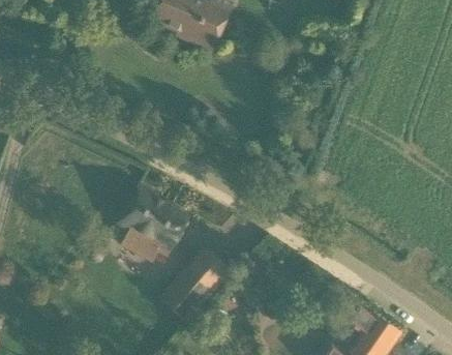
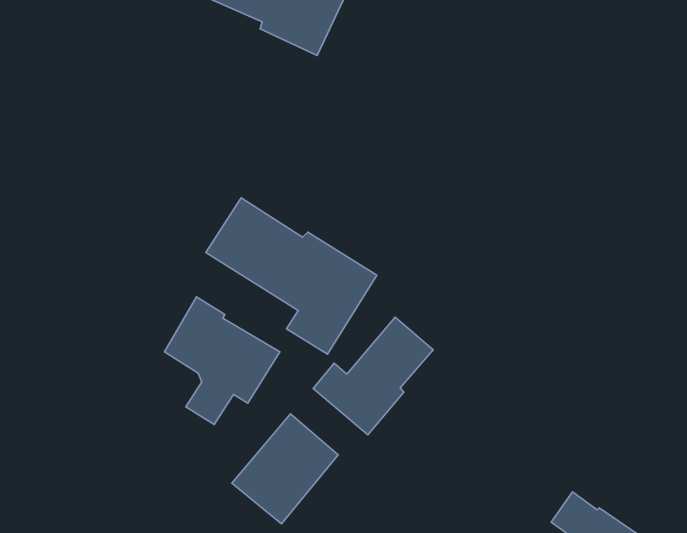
building: none -> [206,198,377,354]
building: none -> [313,317,433,435]

